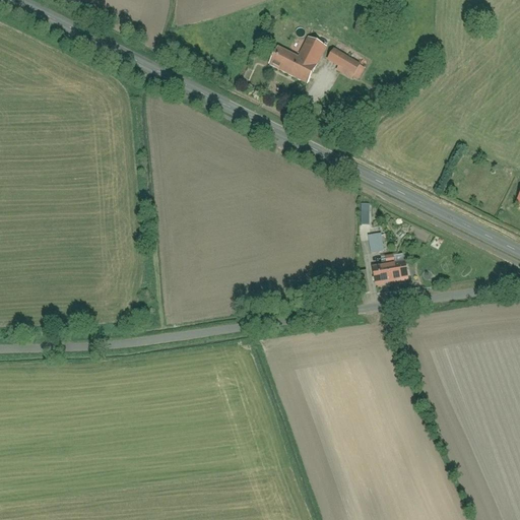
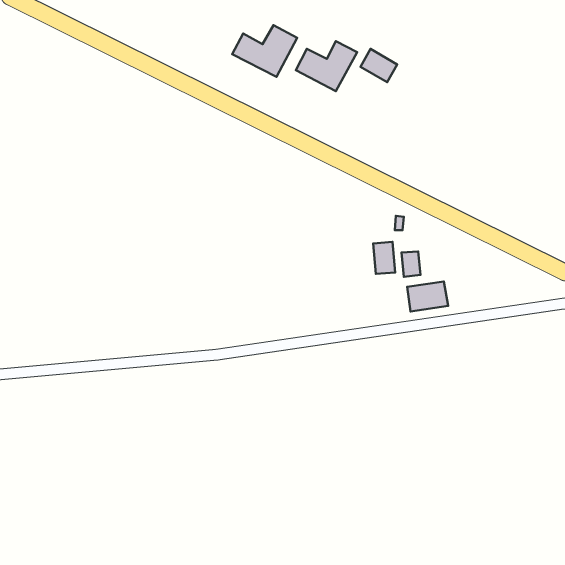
building: none -> [232,25,297,77]
building: none -> [373,242,395,274]

